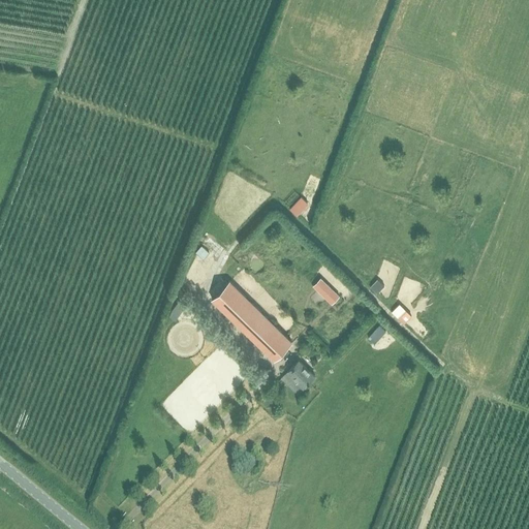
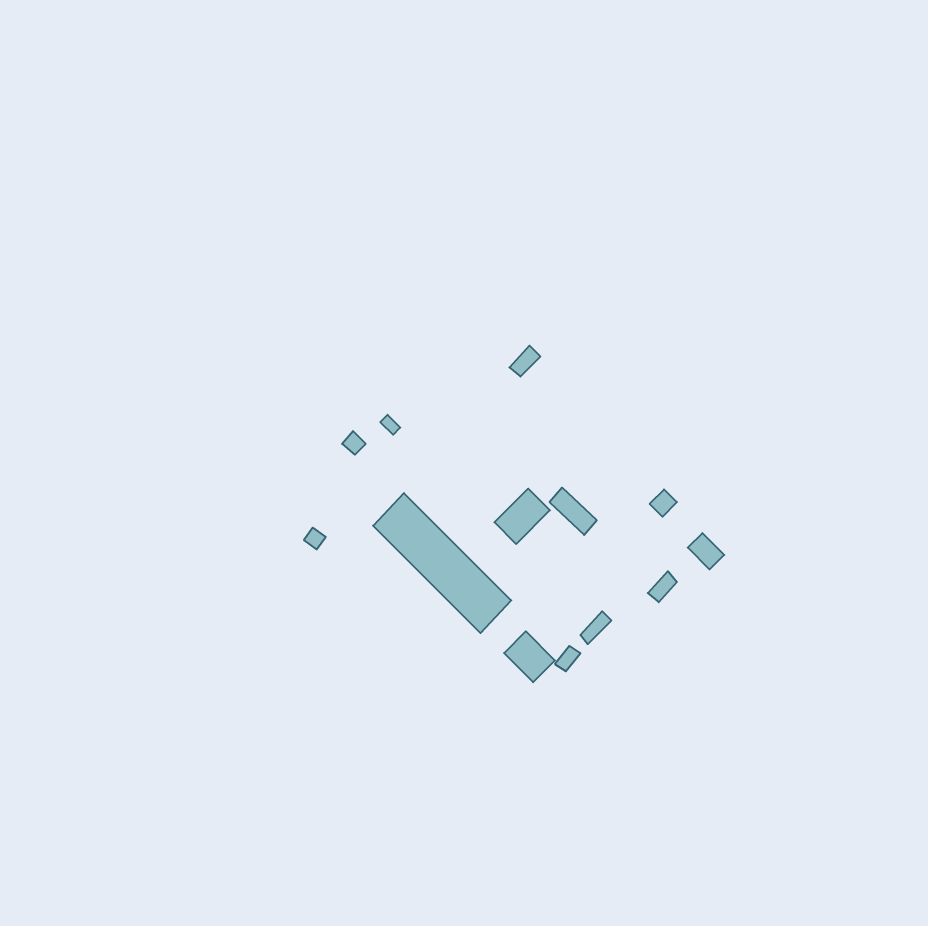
building: none -> [494,489,550,544]

